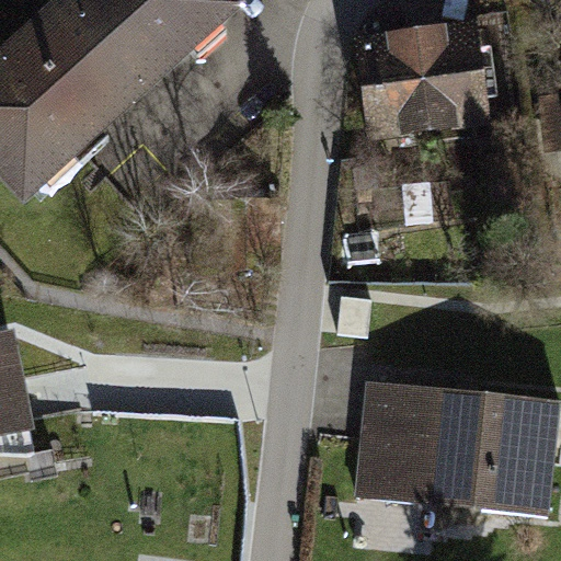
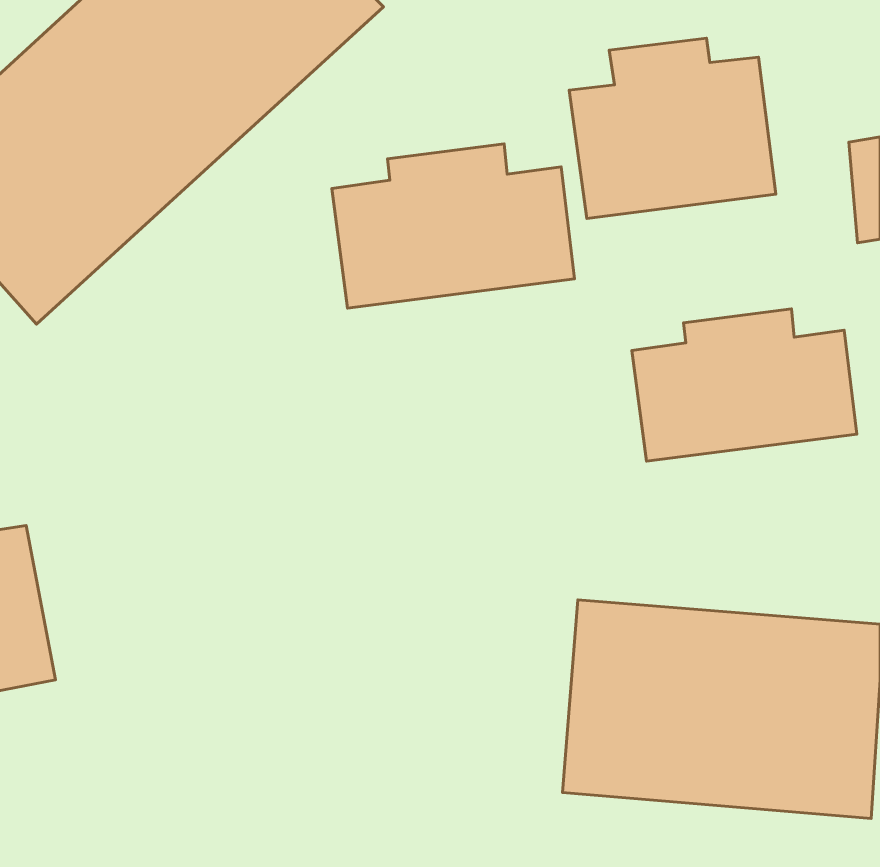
building: none -> [332,144,575,308]
building: none -> [632,309,857,461]

